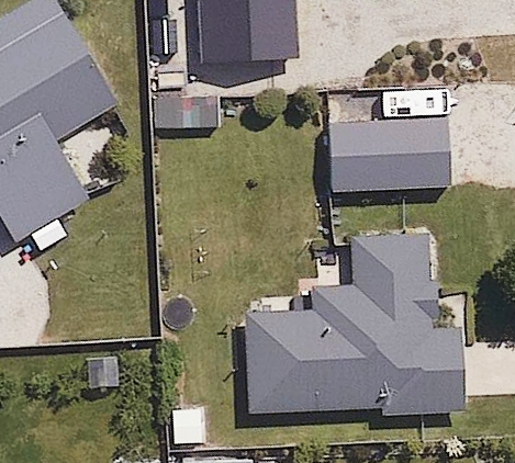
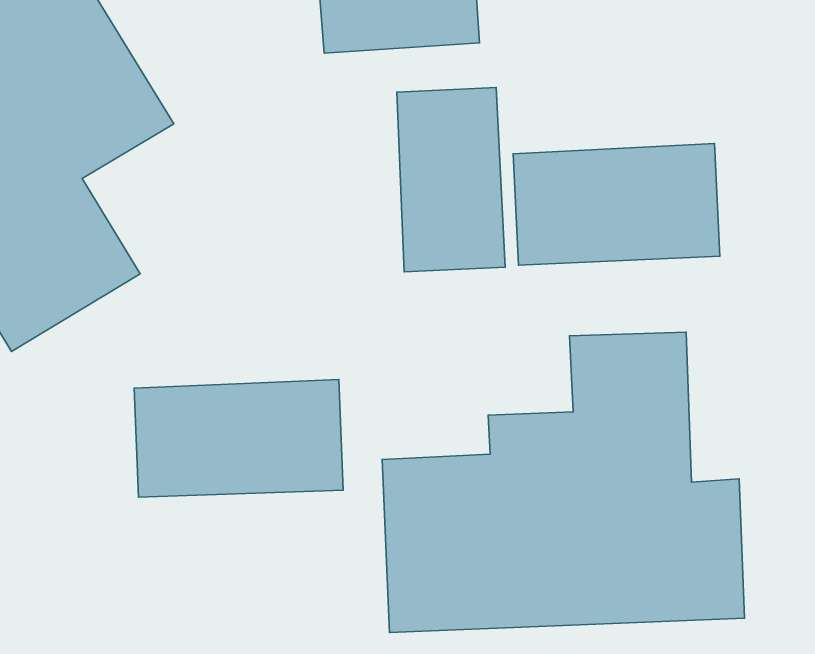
building: none -> [397,87,505,272]
building: none -> [134,380,343,497]

